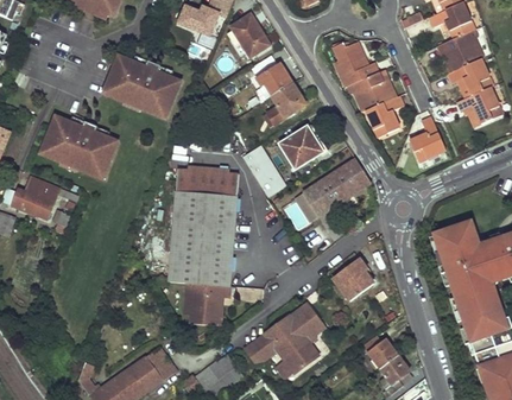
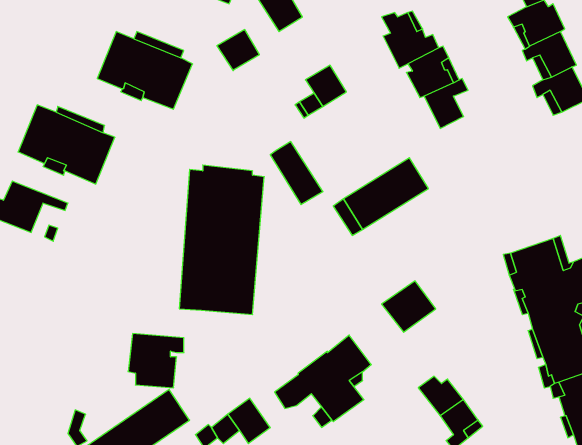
building: [257,63,291,96] -> [217,30,259,71]
building: [407,115,447,160] -> none
building: [279,126,322,167] -> none
building: [183,281,228,325] -> [128,334,184,388]

